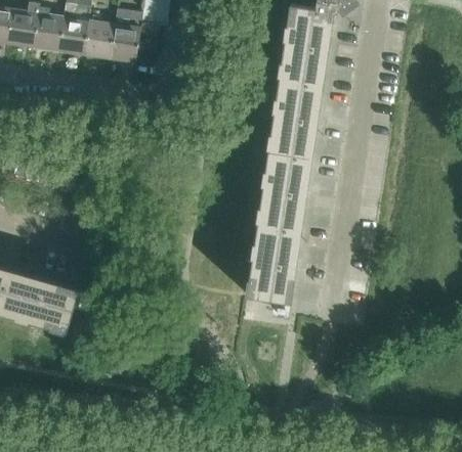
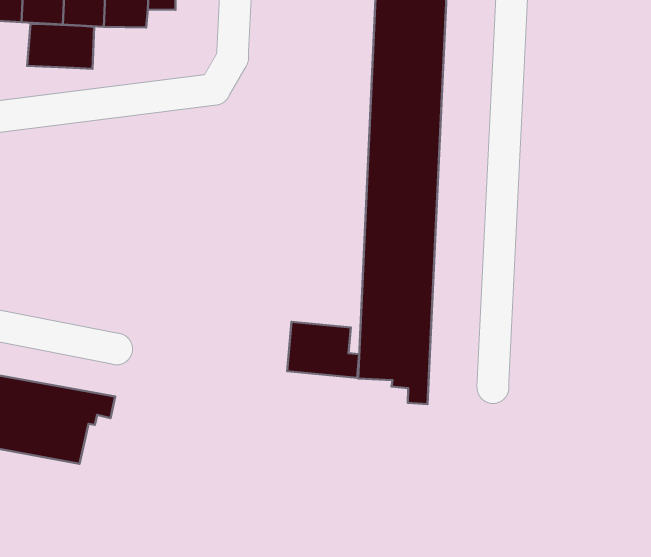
building: none -> [27,24,94,69]
building: none -> [287,322,359,378]

